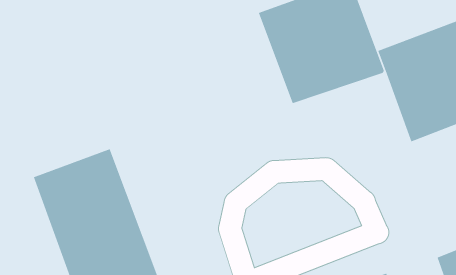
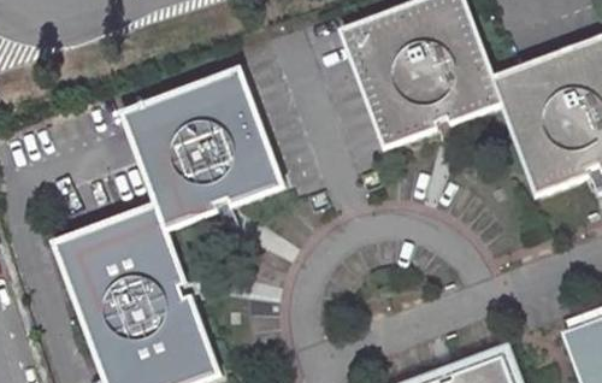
building: none -> [124,67,283,226]

